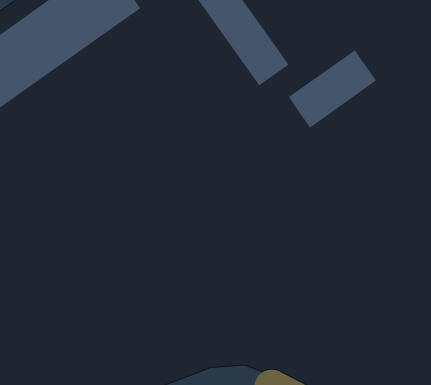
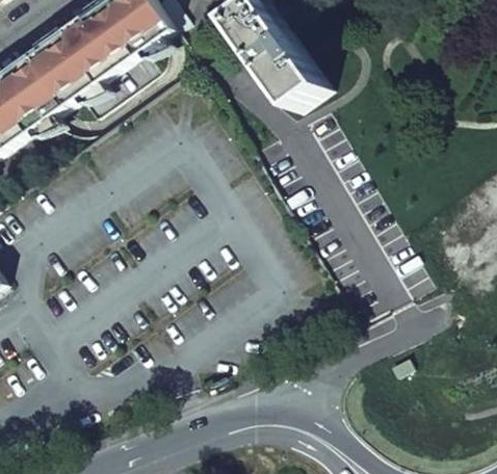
building: [288,50,377,129] -> none

